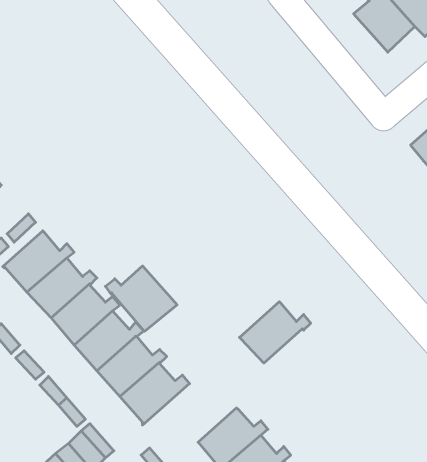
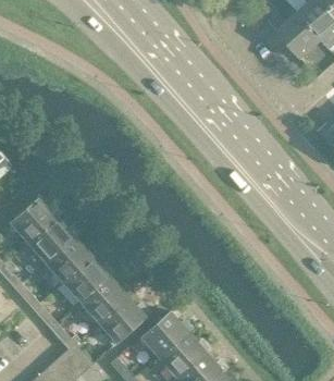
building: [105,266,177,331] -> none
building: [239,302,311,363] -> [138,310,193,357]

